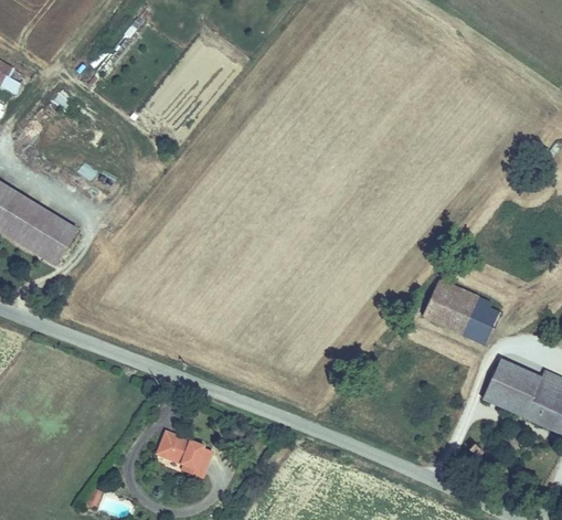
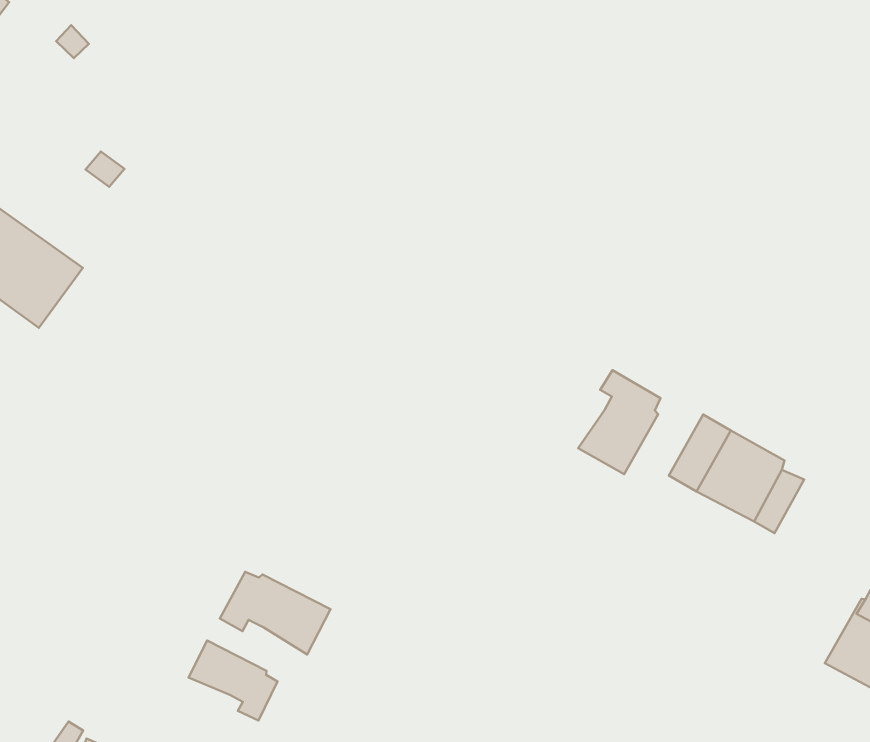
building: none -> [578,370,660,474]
building: [483,360,539,416] -> none
building: none -> [220,572,331,654]

